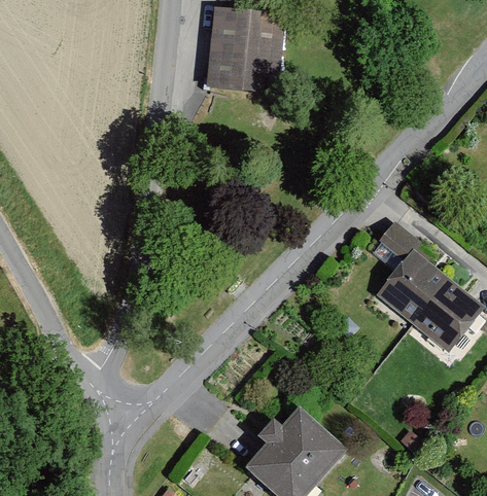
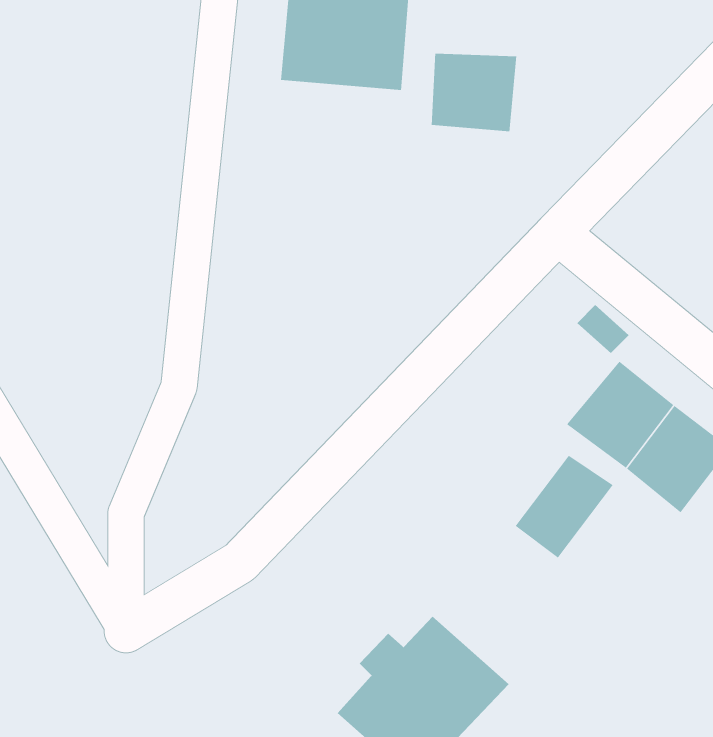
building: none -> [431,53,517,132]
building: none -> [515,455,613,559]

